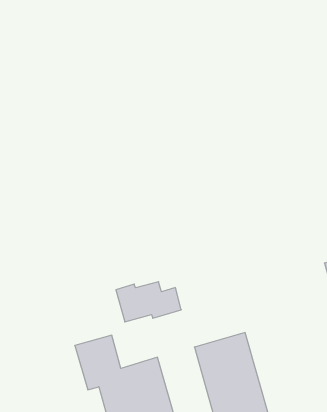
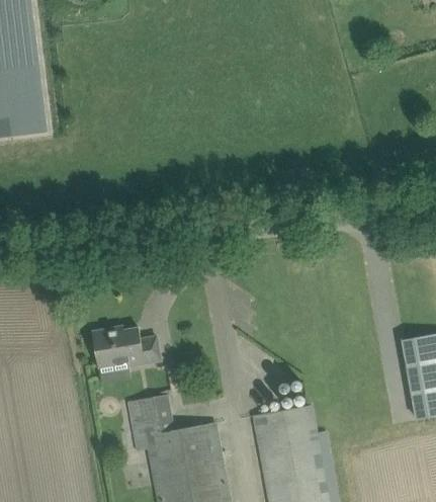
building: [116,282,181,322] -> [91,328,159,367]

